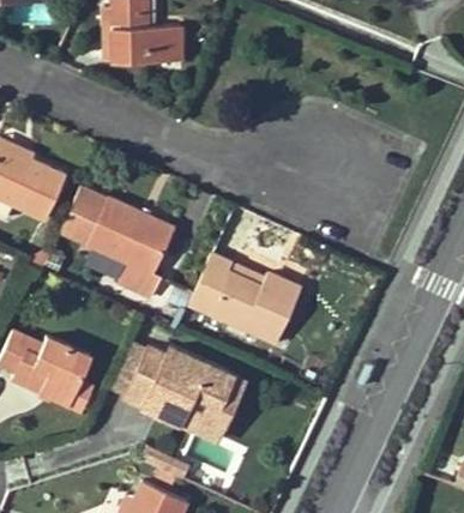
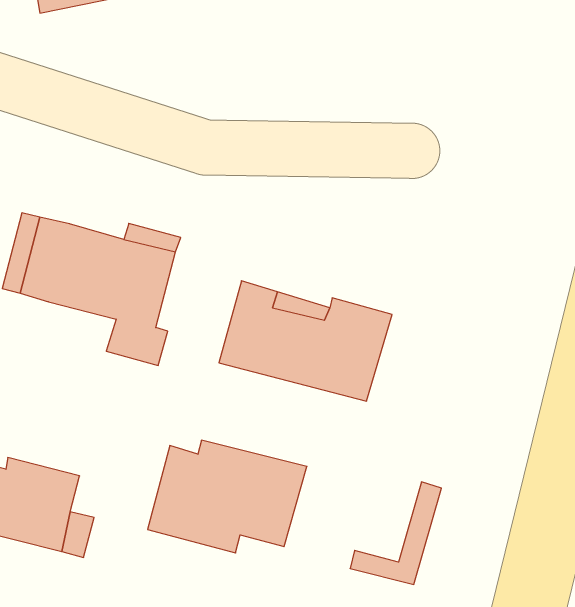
building: [179,376,245,440] -> [350,482,441,584]

